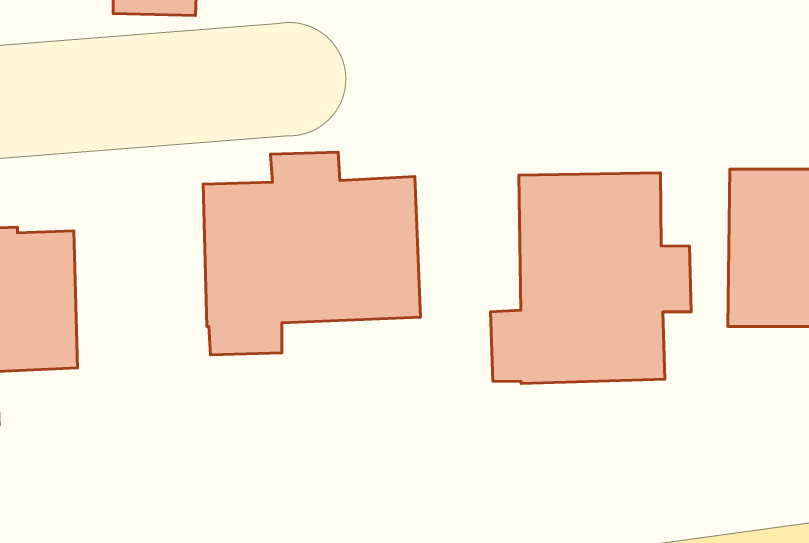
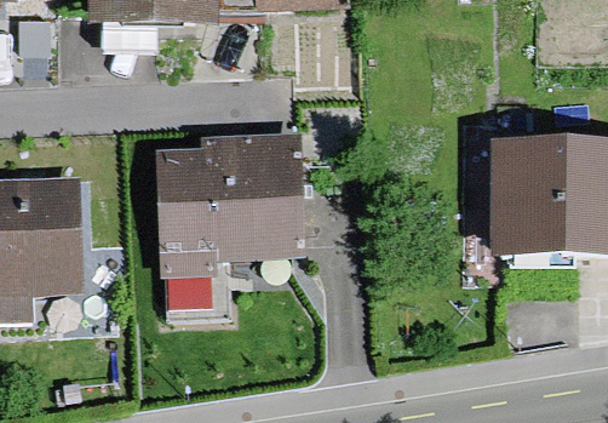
building: [491,173,691,383] -> none

